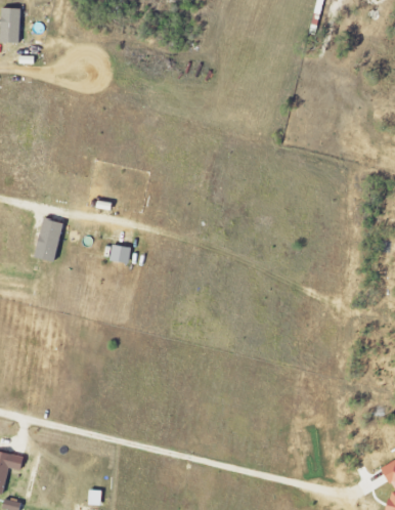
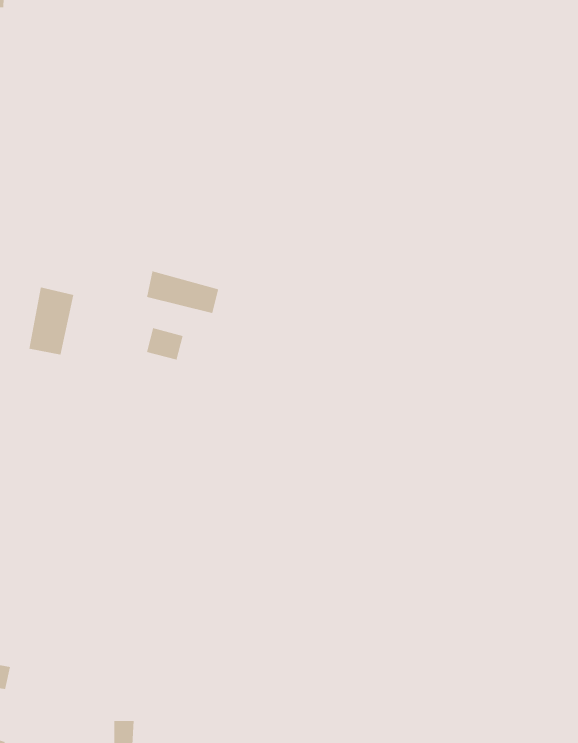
building: none -> [146,270,219,314]

